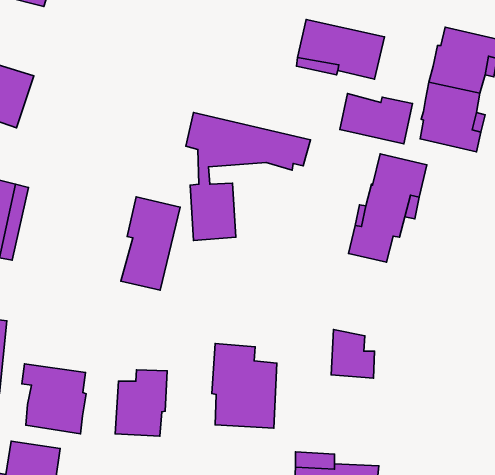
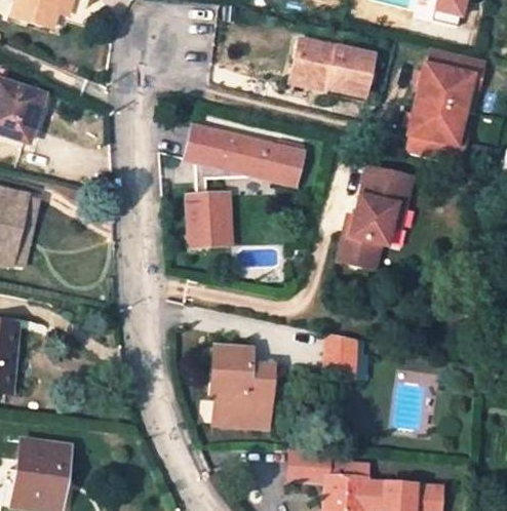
building: [340,94,413,144] -> none
building: [121,197,180,290] -> none
building: [22,364,86,434] -> none
building: [115,370,167,436] -> none

